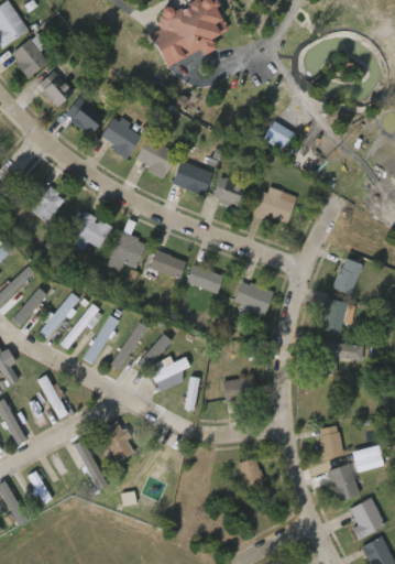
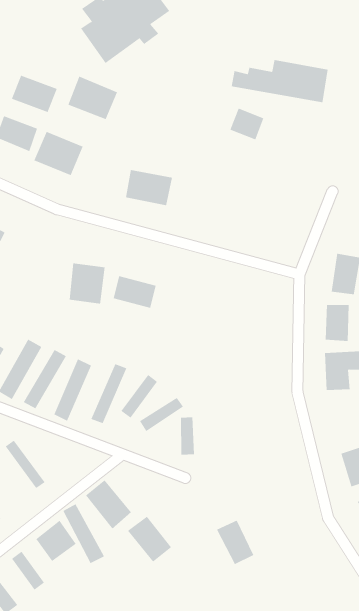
building: none -> [11,75,57,113]
building: [131,137,175,177] -> [68,76,118,120]
building: [210,181,295,224] -> [231,59,329,103]
building: [68,213,110,250] -> none
building: [184,262,222,295] -> none
building: [231,280,273,315] -> none
building: [222,380,253,399] -> none
building: none -> [36,520,76,562]
building: none -> [127,516,172,562]
building: [237,457,265,495] -> [216,520,254,565]

